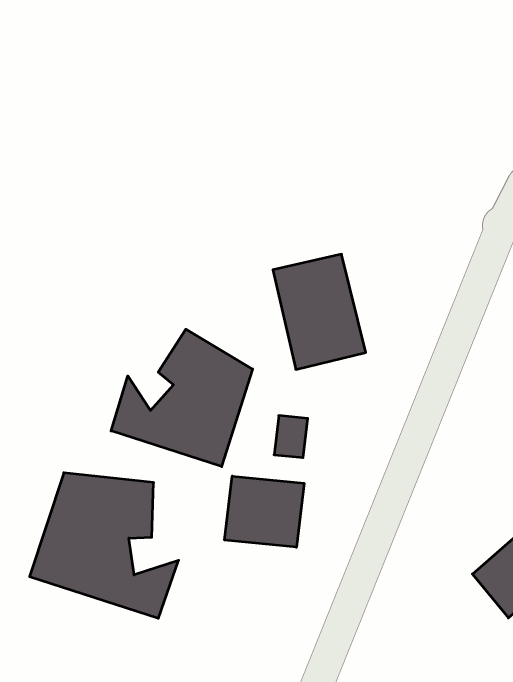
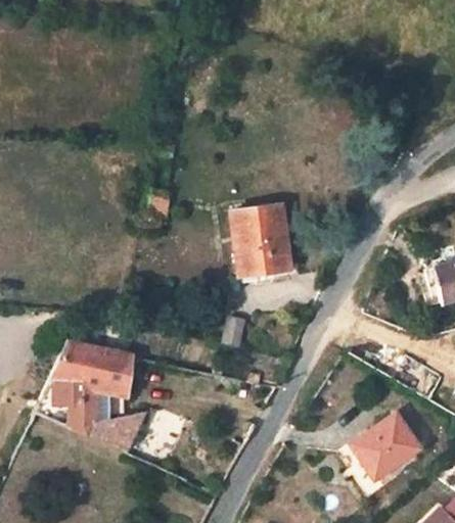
building: [111,329,253,467] -> none
building: [225,476,304,547] -> none

